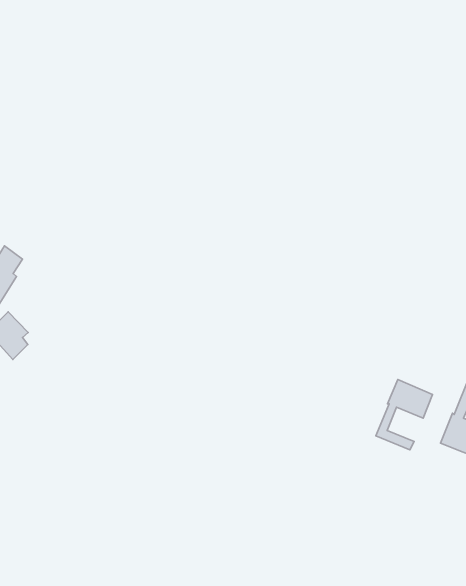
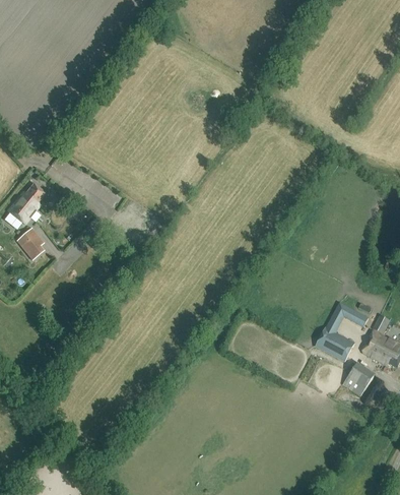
building: [376,380,433,450] -> none

